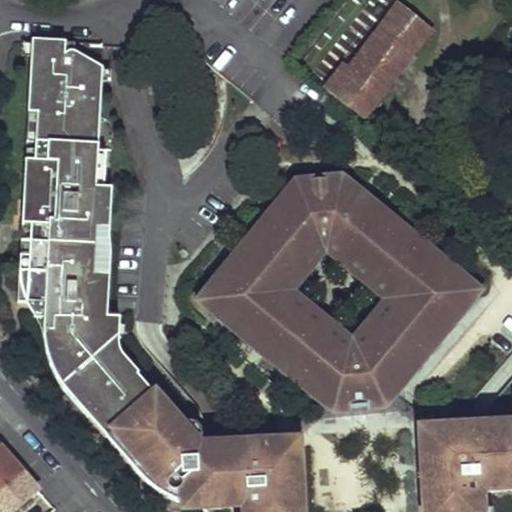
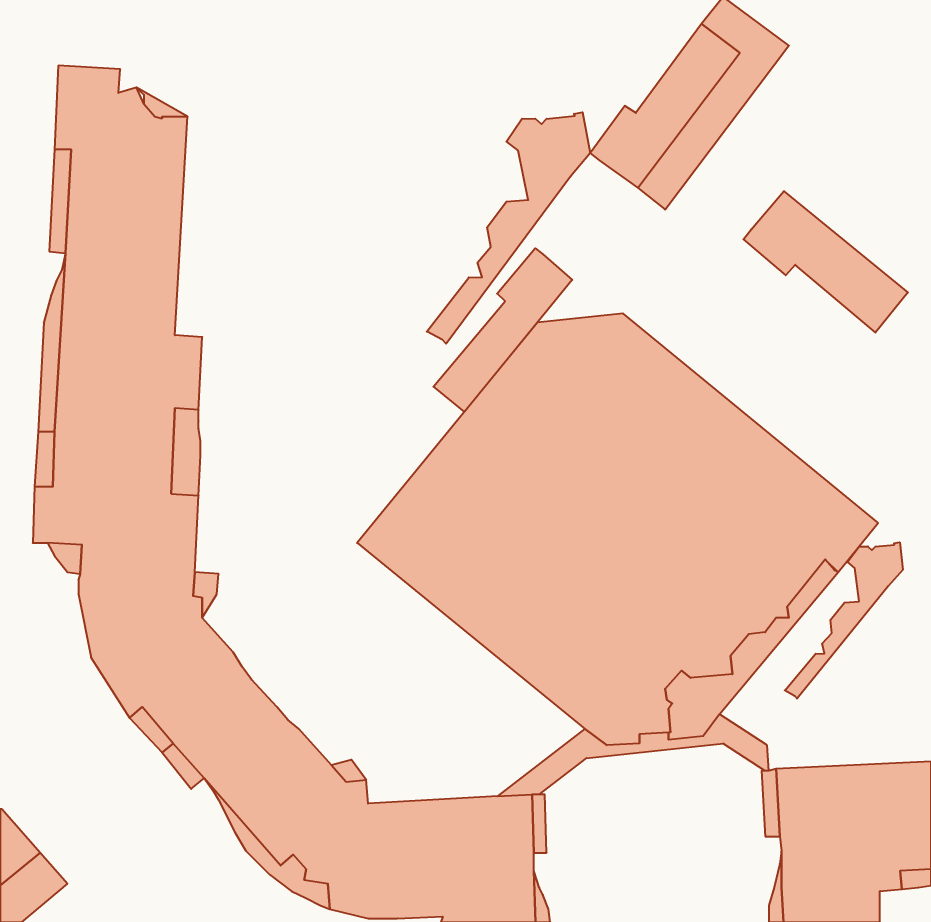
building: none -> [427,112,590,344]
building: none -> [743,191,908,333]
building: none -> [433,248,572,412]
building: none -> [785,542,903,699]

